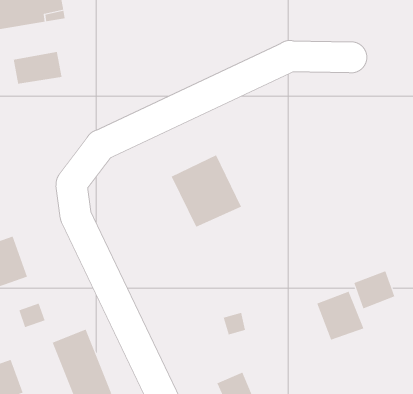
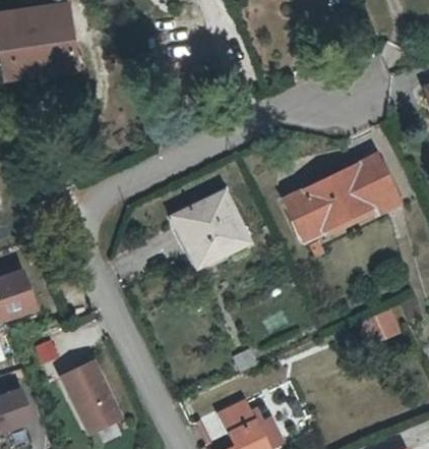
building: [13,51,62,85] -> none
building: none -> [287,158,399,240]
building: [317,291,364,341] -> none

